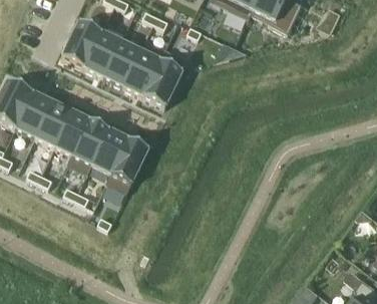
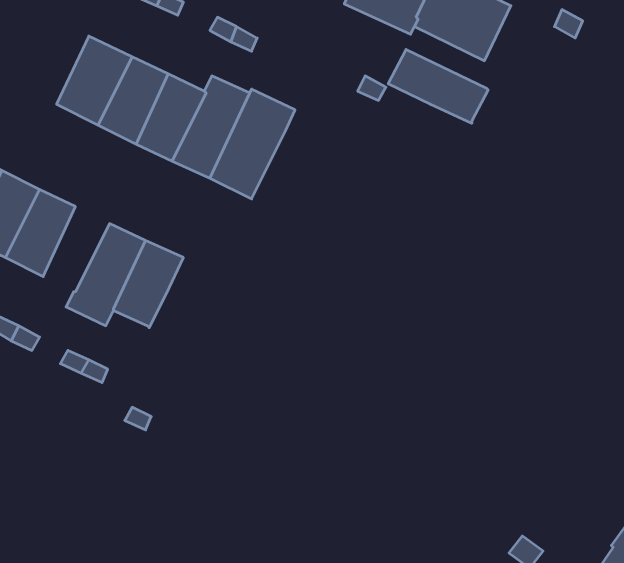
building: none -> [388,49,488,123]
building: [55,110,90,156] -> none
building: [106,137,149,193] -> none

